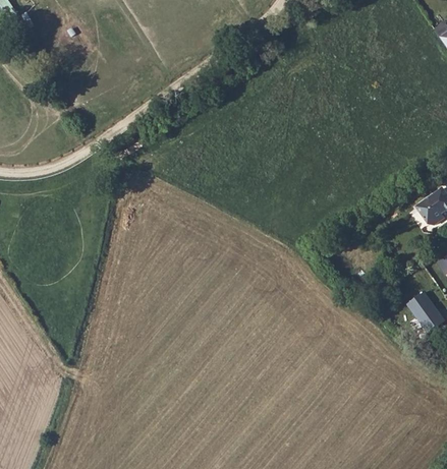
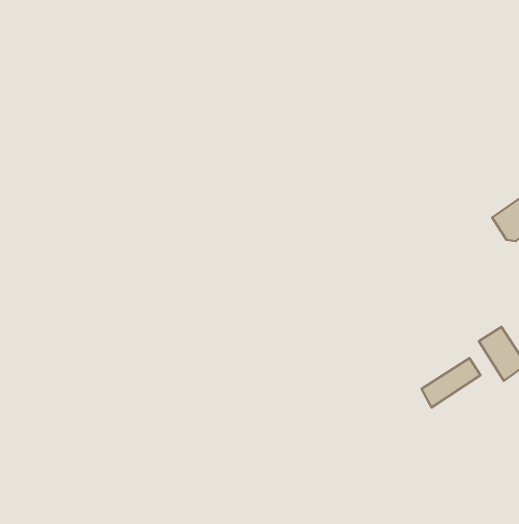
building: none -> [421,358,481,407]

